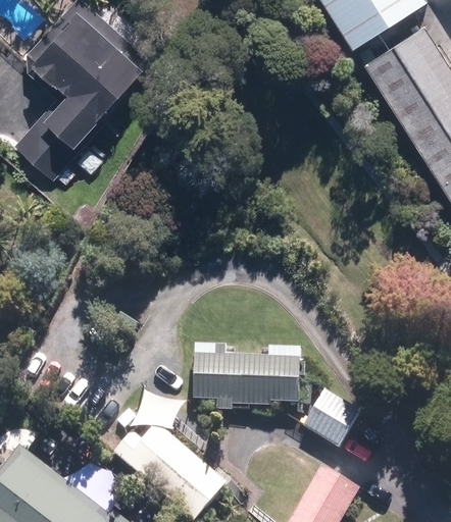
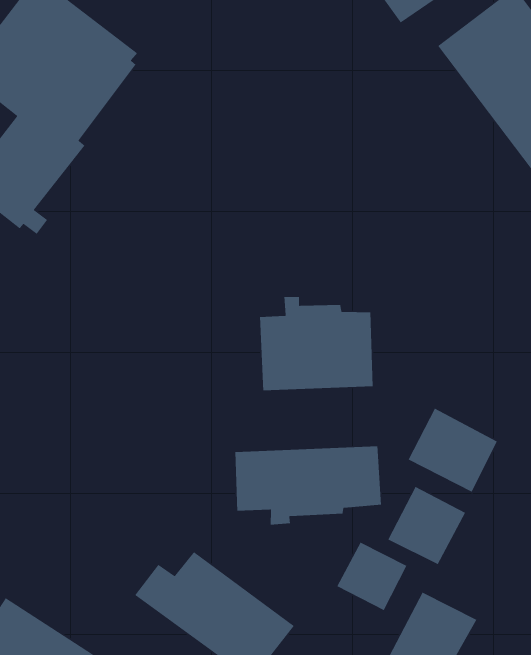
building: none -> [259,296,374,391]
building: none -> [408,407,498,493]
building: none -> [336,542,408,611]

